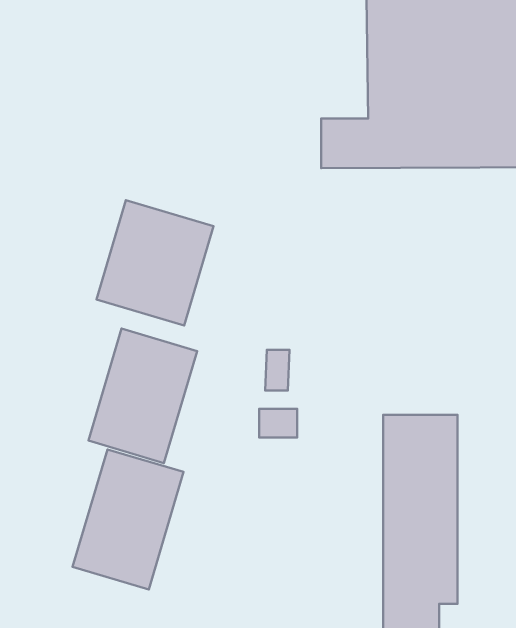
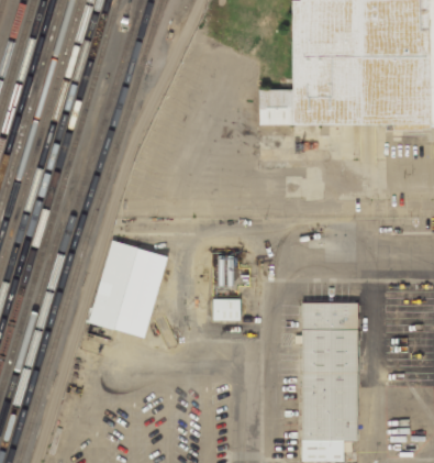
building: [96,200,214,326] -> none
building: [73,449,184,589] -> none

